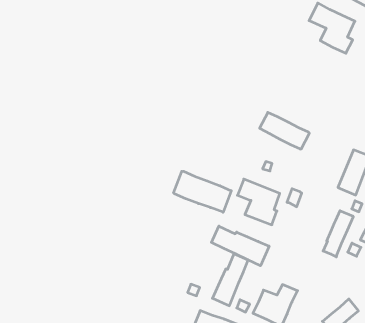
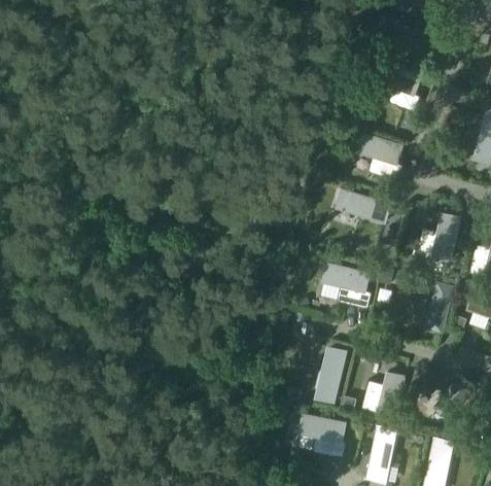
building: none -> [357,134,402,181]
building: [174,171,231,212] -> none
building: [211,226,269,266] -> none

